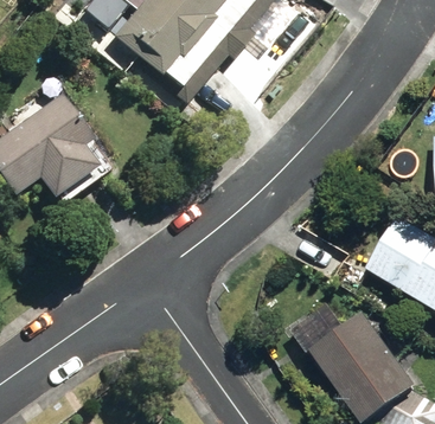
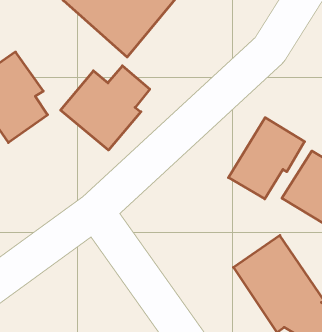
building: none -> [61,66,150,150]
building: none -> [228,118,305,199]

